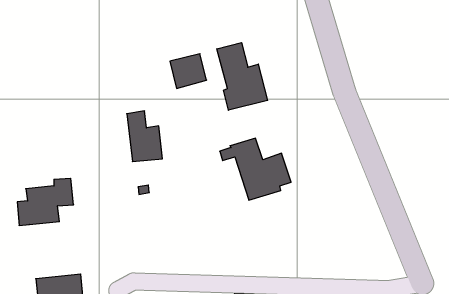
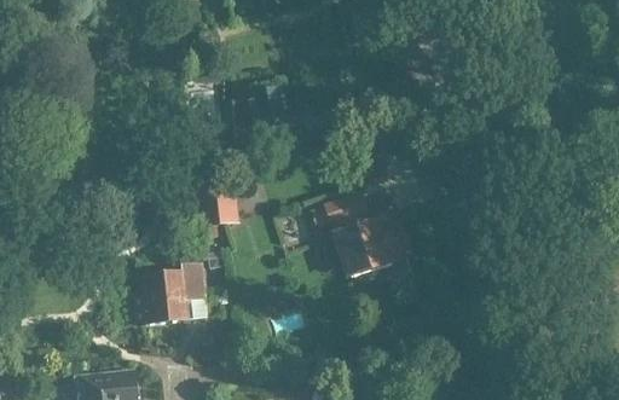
building: [217,43,268,110] -> none
building: [17,178,74,225] -> [133,262,206,323]

